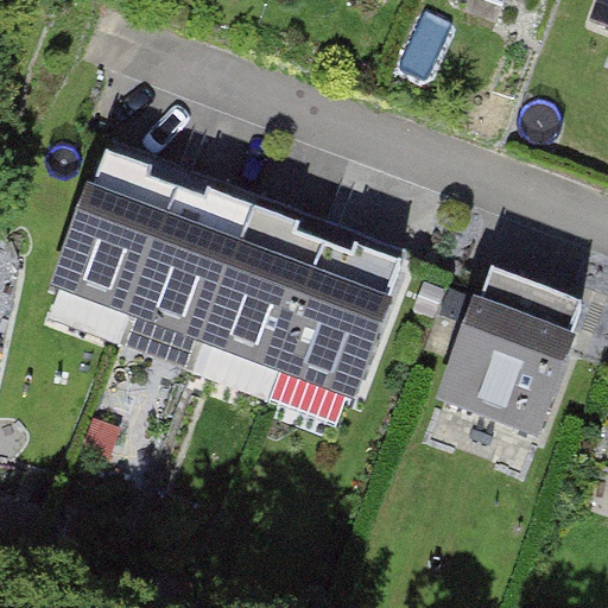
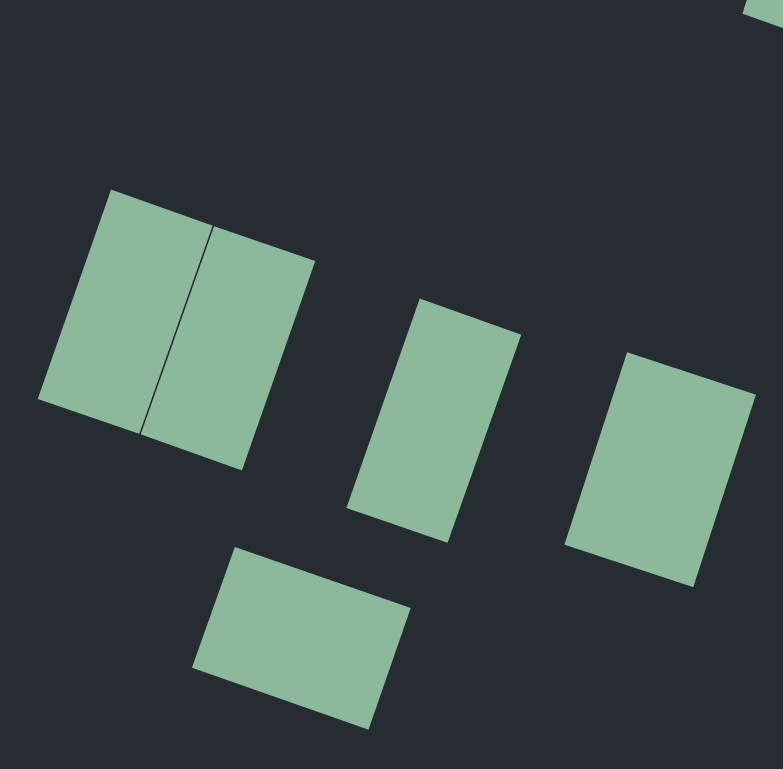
building: [189,202,325,393] -> none
building: none -> [191,546,411,730]

